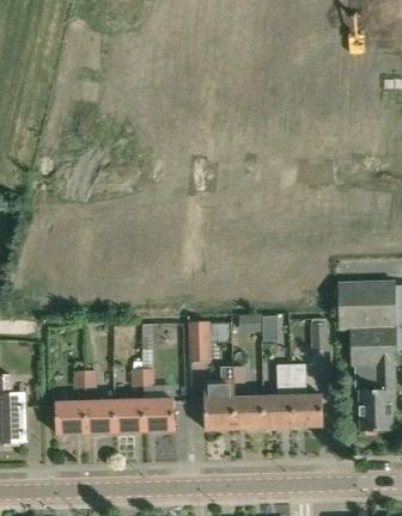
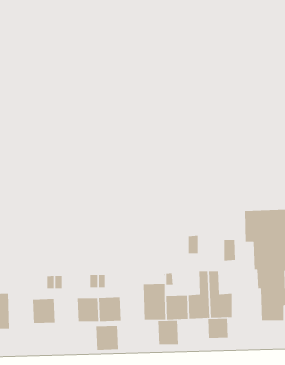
building: [189,321,209,361] -> none
building: [85,399,116,432] -> [96,325,119,350]
building: none -> [208,318,228,339]
building: none -> [158,320,178,345]

